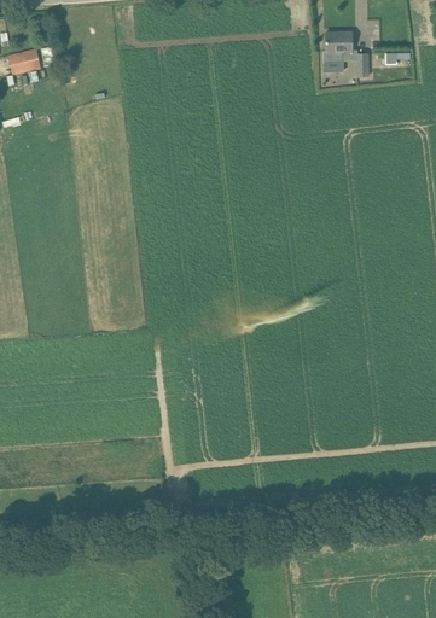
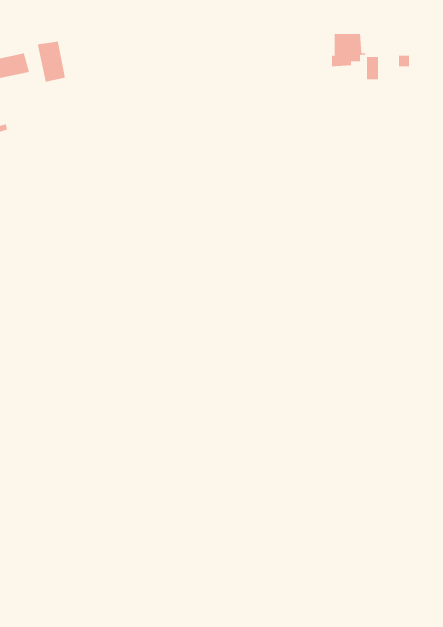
building: none -> [37,41,66,82]

